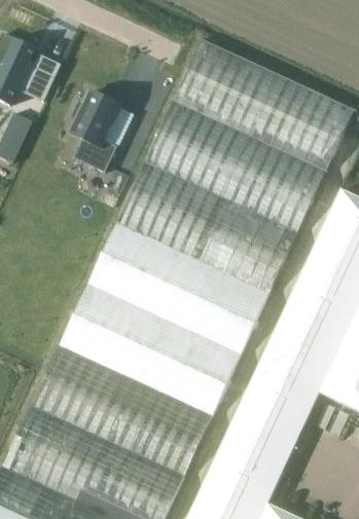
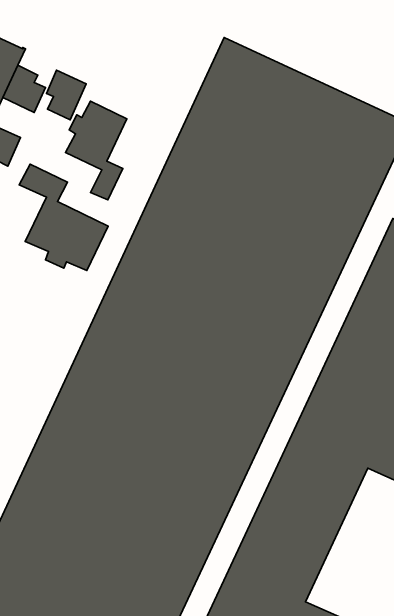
building: none -> [46,70,86,120]
building: none -> [19,164,108,270]

